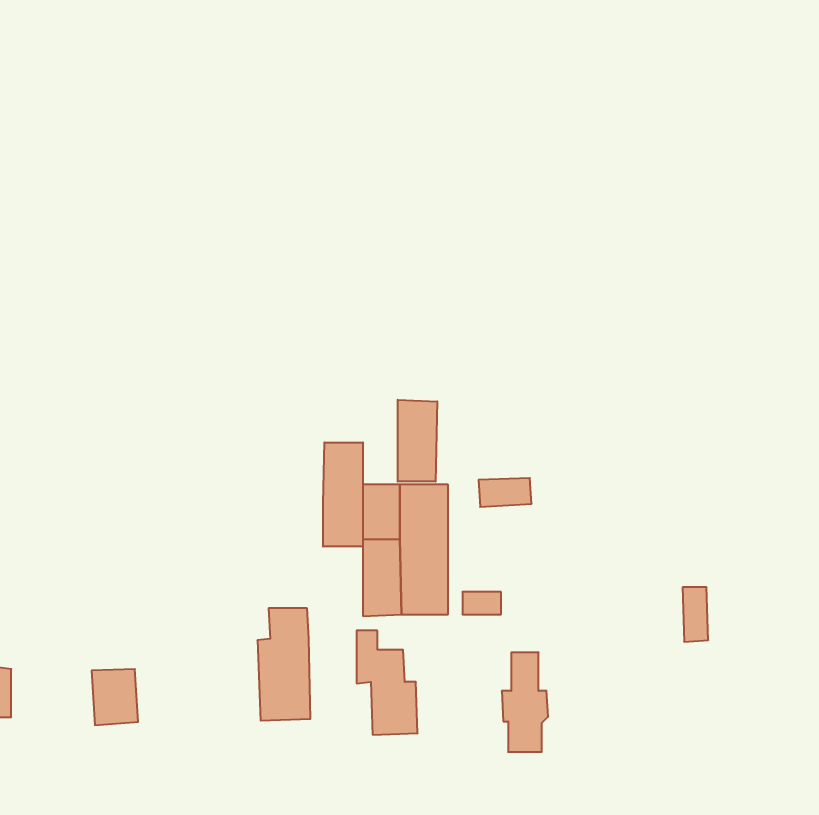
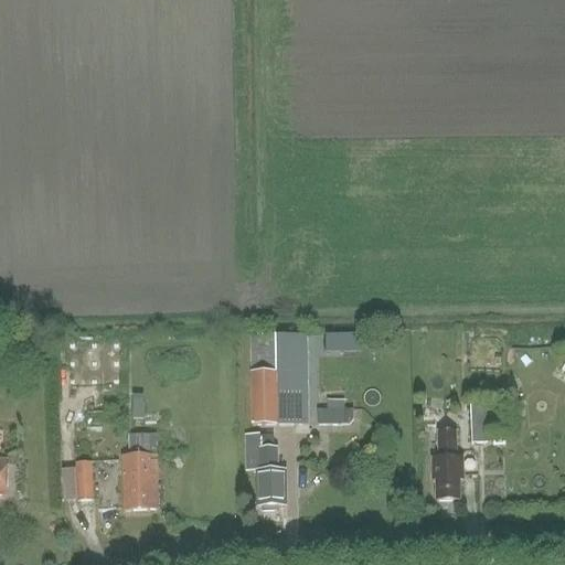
building: [398,400,437,482] -> none
building: [323,442,363,547] -> none
building: [257,608,310,721] -> [122,431,159,509]
building: [502,652,548,752] -> [431,430,463,499]

